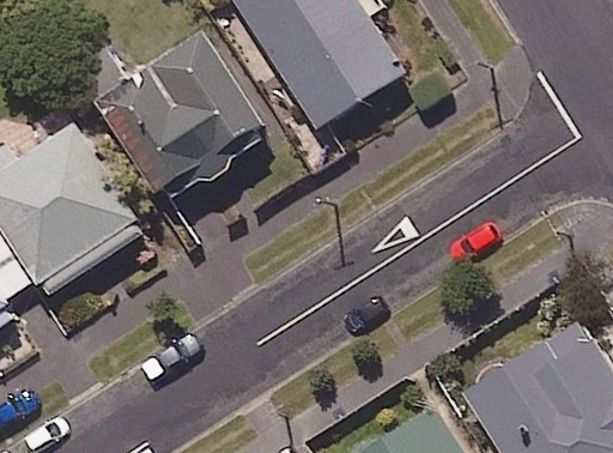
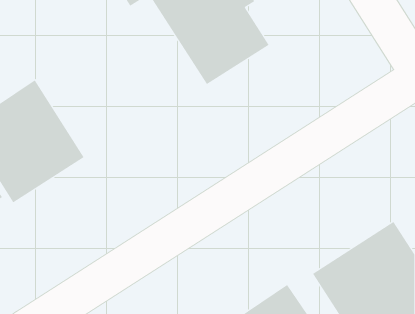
building: [63,22,269,205] -> none

